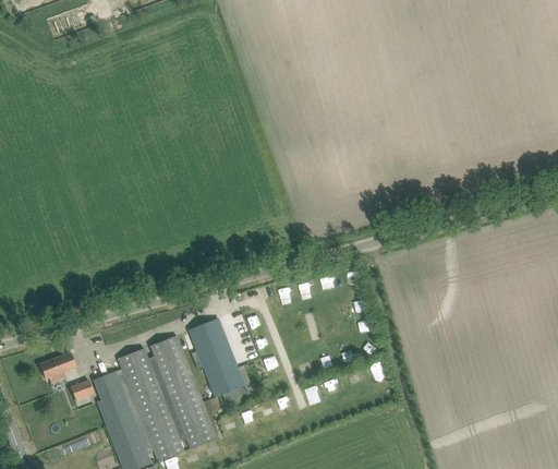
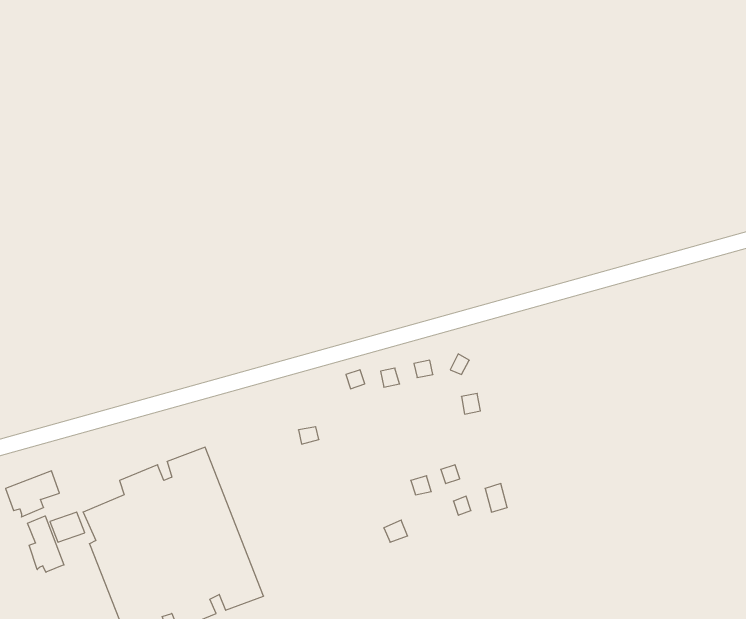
building: [189,318,244,402] -> none
building: none -> [27,516,64,572]

